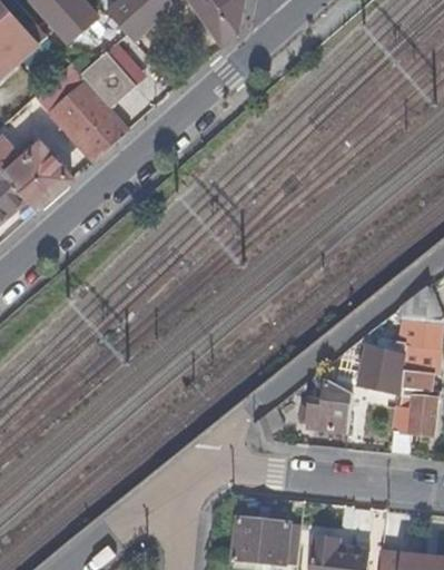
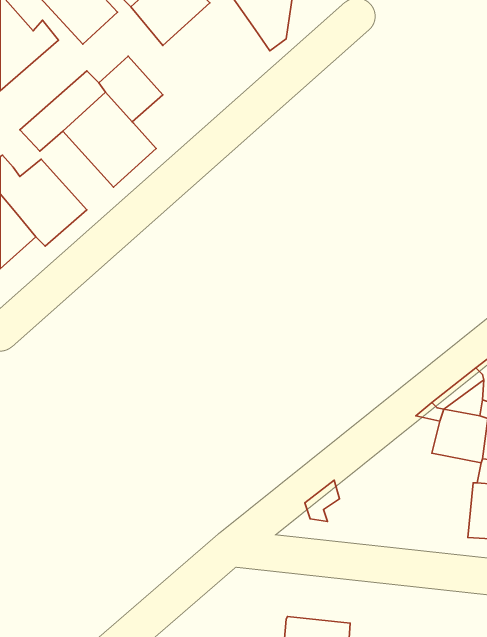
building: [308,372,353,431] -> none

